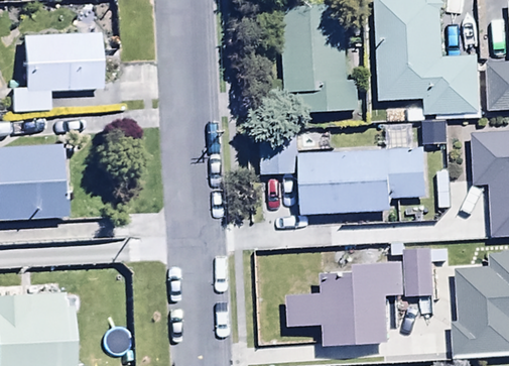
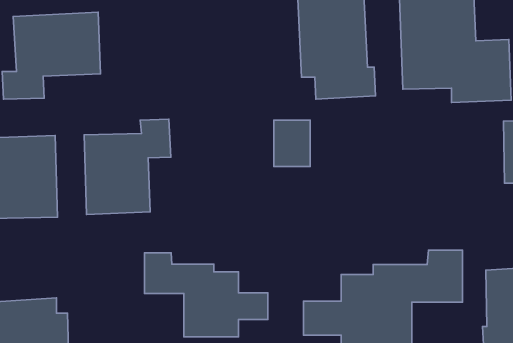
building: none -> [84,119,171,214]
building: [296,148,426,212] -> none
building: none -> [145,253,268,337]

